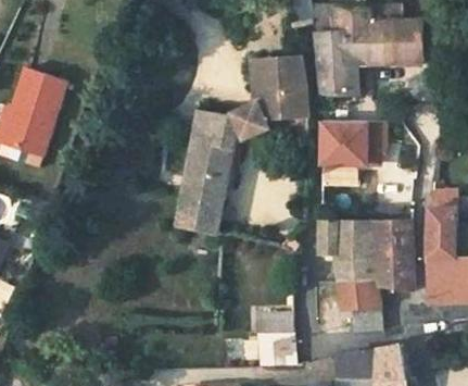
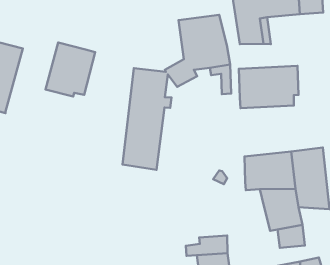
building: none -> [45,42,95,96]

